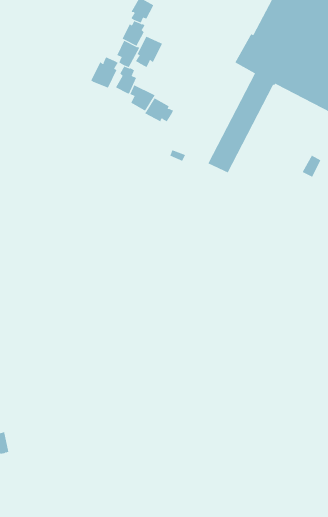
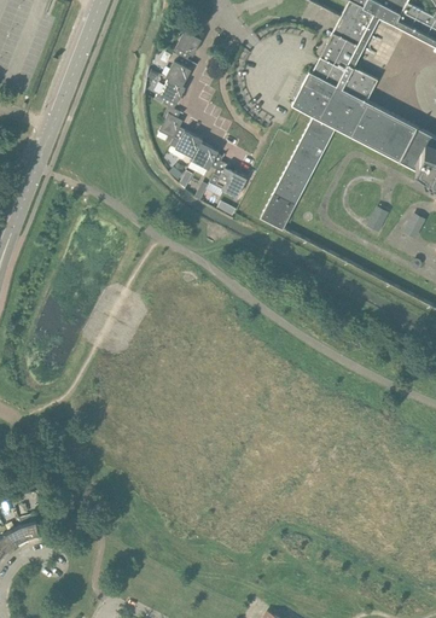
building: [135,36,163,68] -> none
building: [90,56,119,89] -> none
building: none -> [213,163,246,199]

